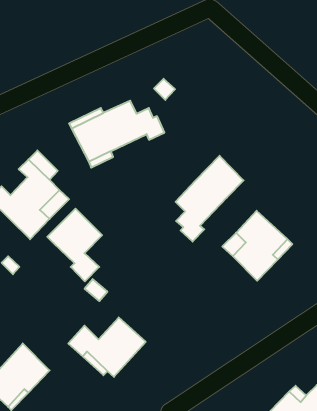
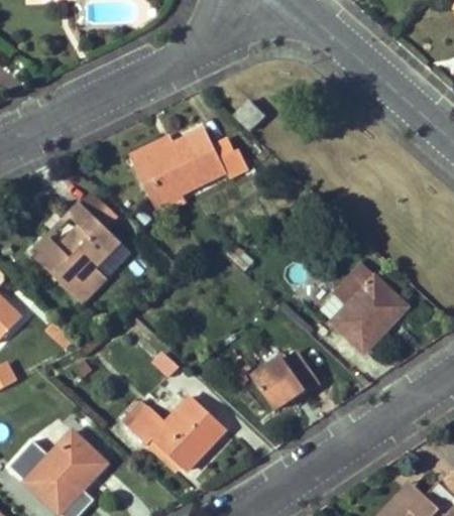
building: [176,156,244,242] -> none
building: [47,209,102,281] -> none
building: none -> [252,353,320,409]

